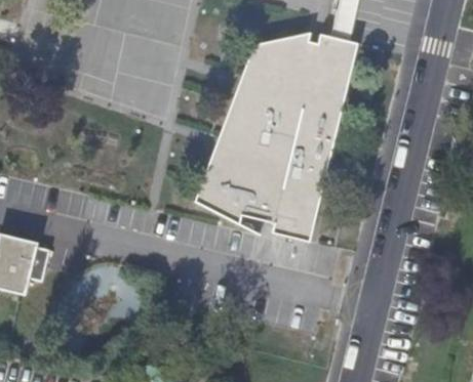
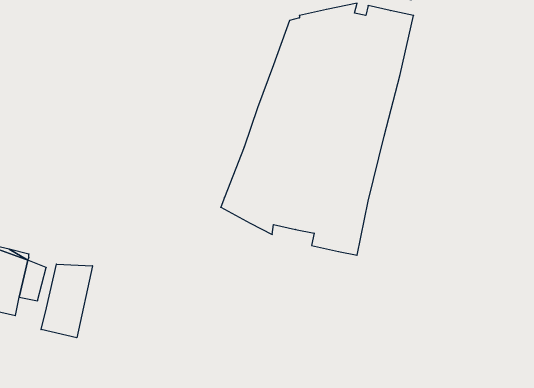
building: none -> [41,264,92,338]

